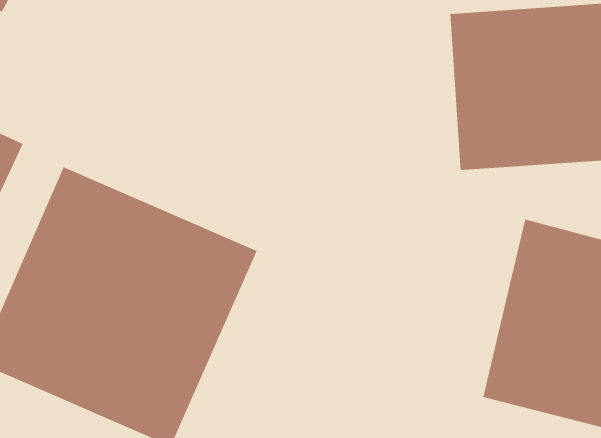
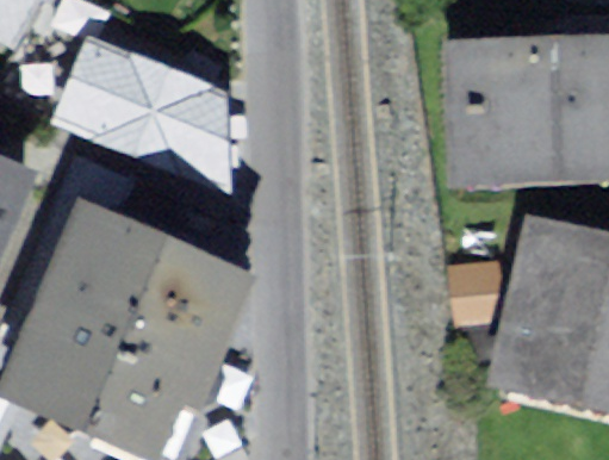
building: none -> [64,41,243,199]

